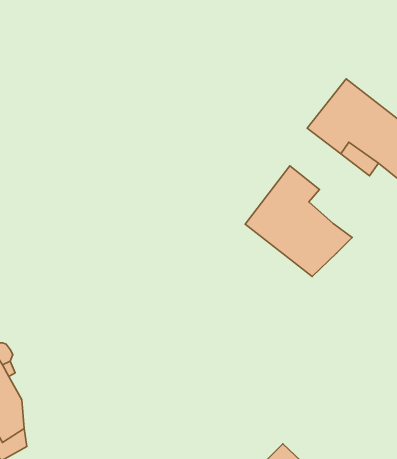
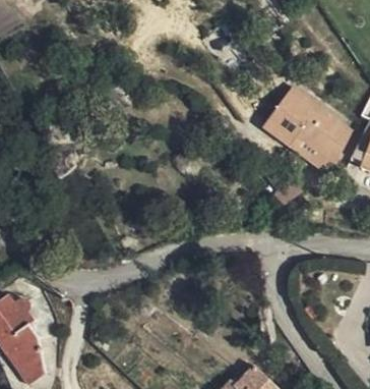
building: [245,166,352,276] -> none

